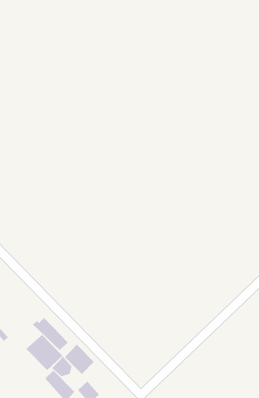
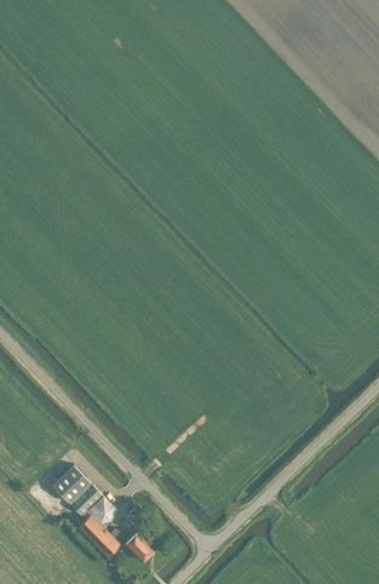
building: [32,317,69,351] -> none
building: [64,344,94,375] -> none

